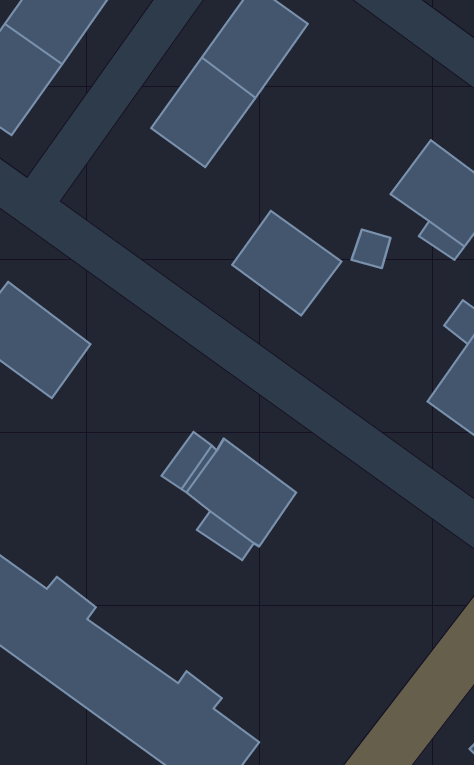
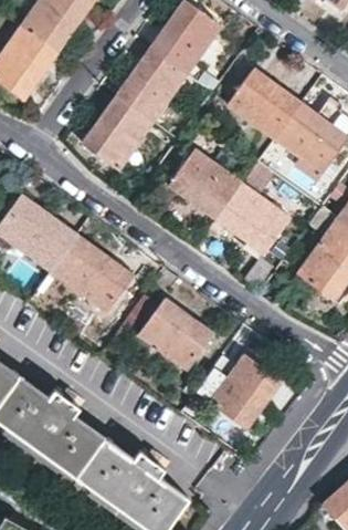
building: none -> [225,67,299,138]
building: none -> [82,95,151,169]
building: none -> [214,183,289,253]
building: none -> [51,237,131,312]
building: none -> [210,354,280,427]

